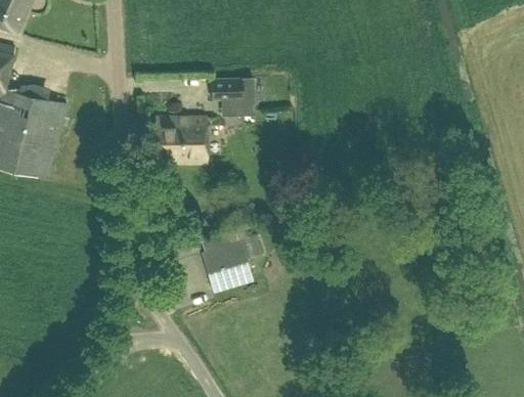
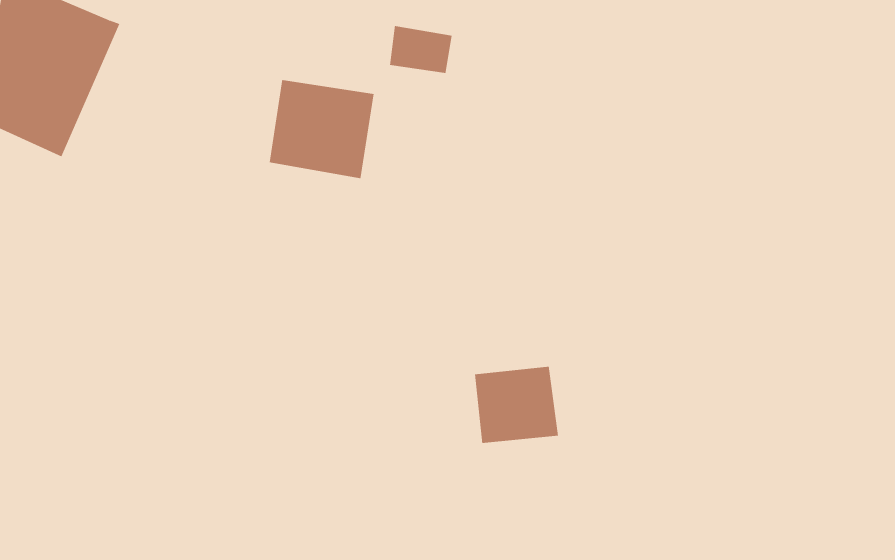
building: [225,78,258,119] -> none
building: [202,240,252,288] -> [474,366,559,444]

